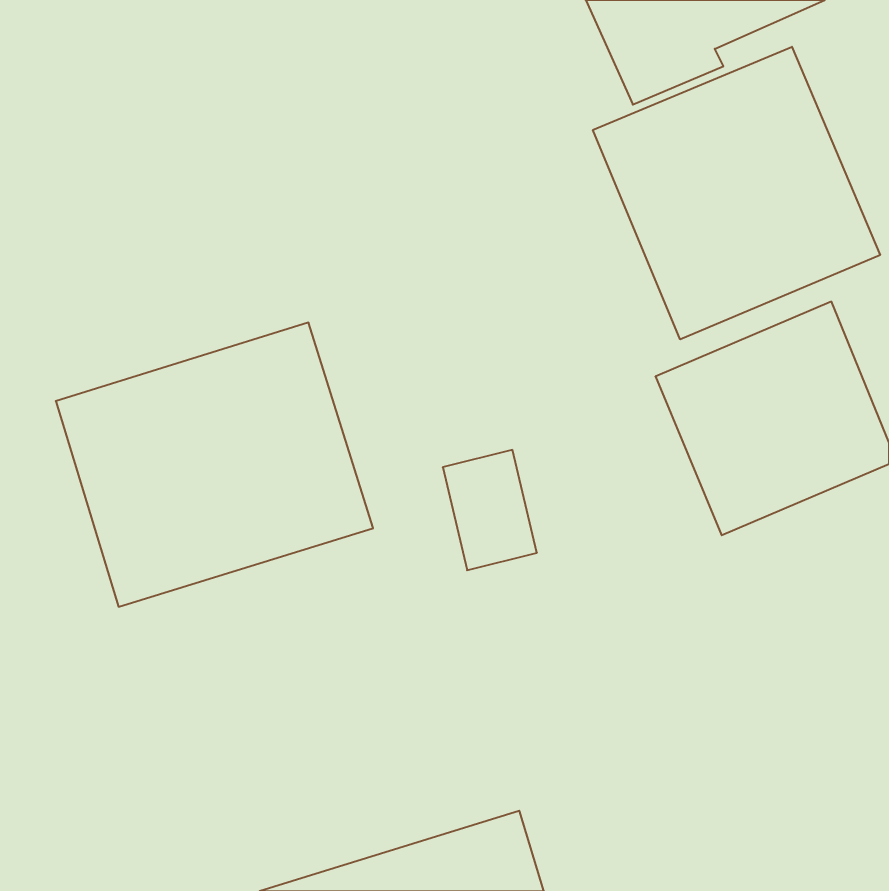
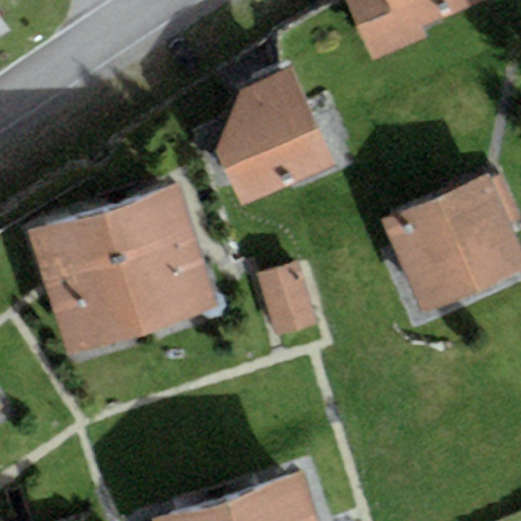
building: [593,47,880,339] -> none
building: none -> [214,66,335,209]

